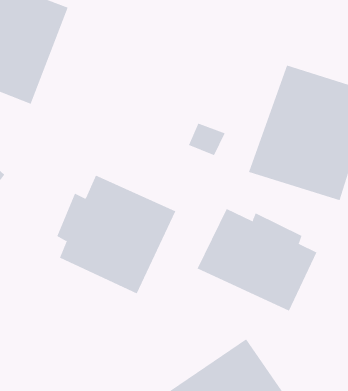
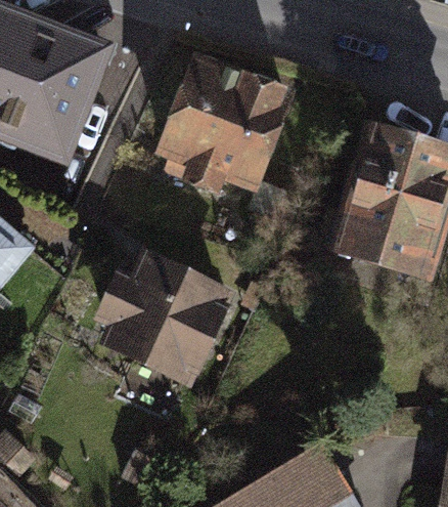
building: none -> [153,49,293,194]
building: [197,208,317,312] -> none

